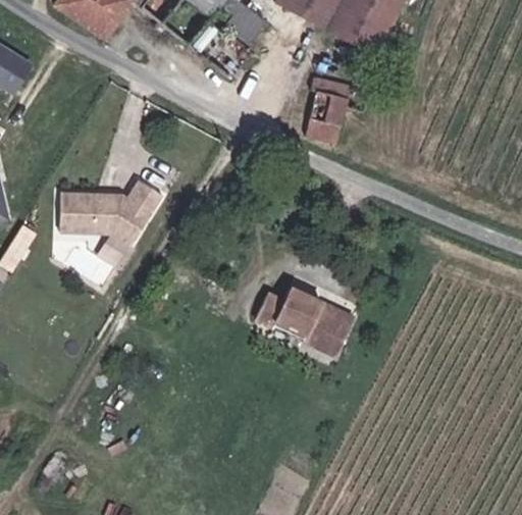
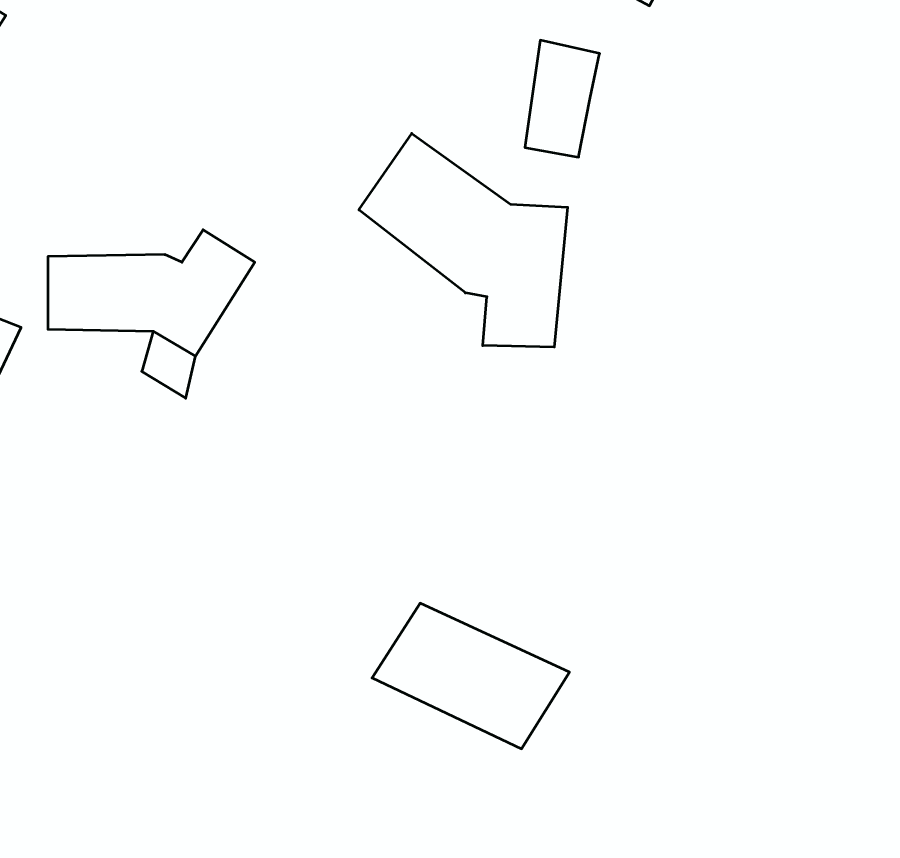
building: none -> [359,133,568,347]
building: [254,280,359,358] -> [372,603,569,749]

